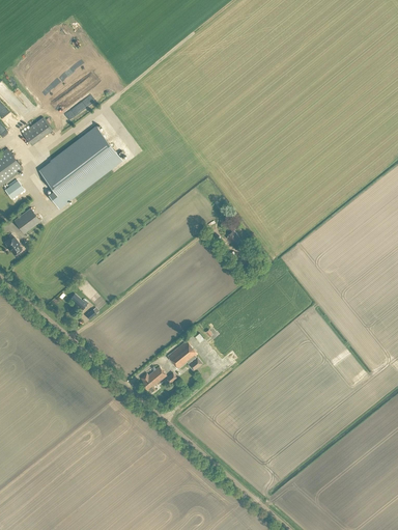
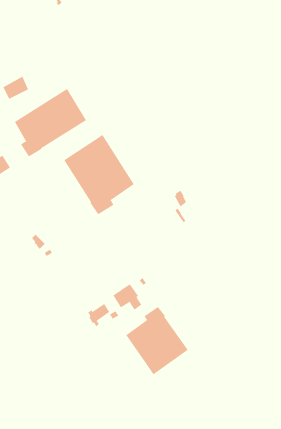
building: none -> [63,134,135,215]
building: none -> [126,306,188,375]

